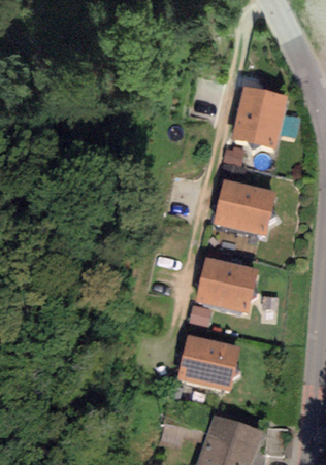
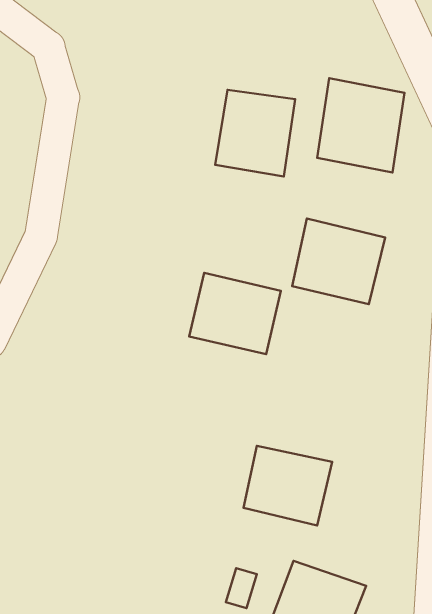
building: none -> [215,90,295,177]
building: [194,257,258,313] -> [189,273,281,354]

